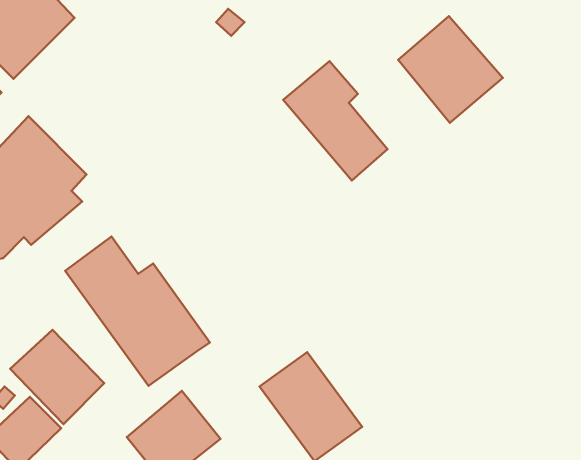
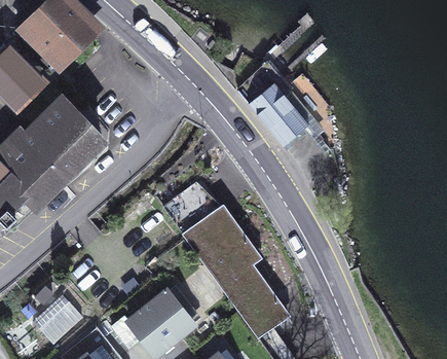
building: [398,16,503,123] -> none
building: [65,236,210,386] -> [163,184,263,287]
building: [10,330,104,424] -> none

